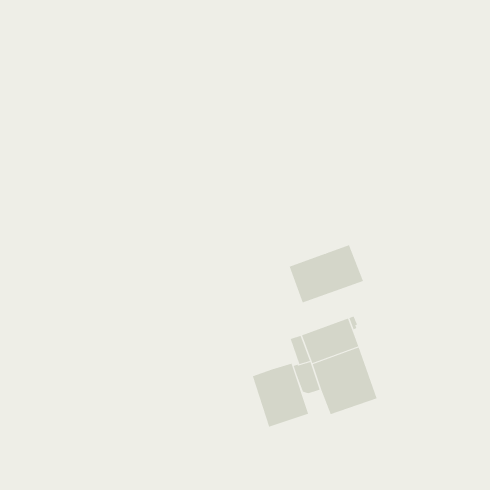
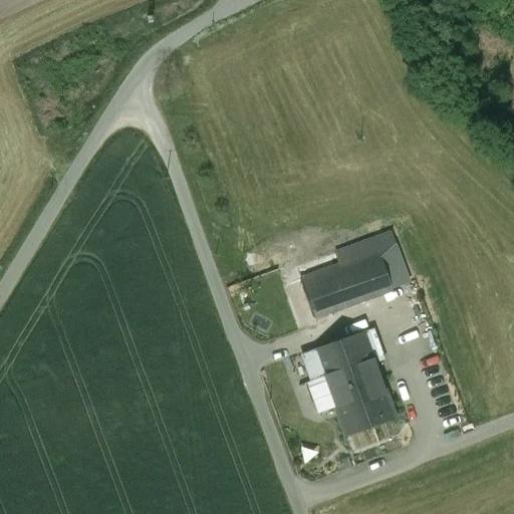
building: none -> [337,233,408,293]
building: [252,363,309,428] -> none

